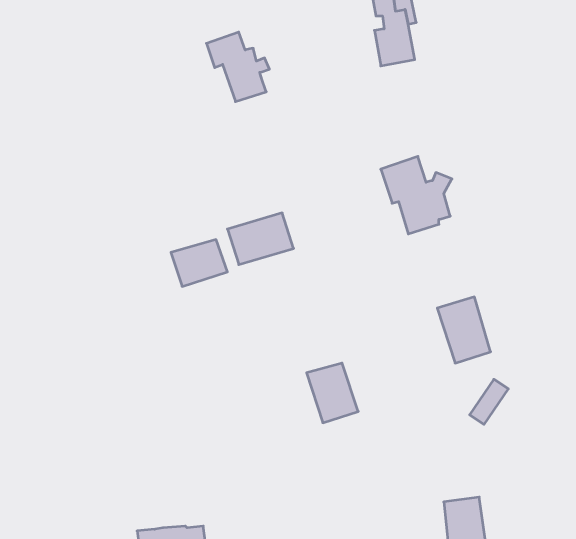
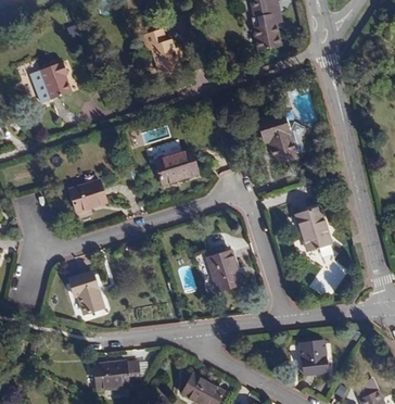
building: none -> [40,62,71,99]
building: [171,240,227,286] -> [68,180,106,212]
building: none -> [68,272,103,314]

